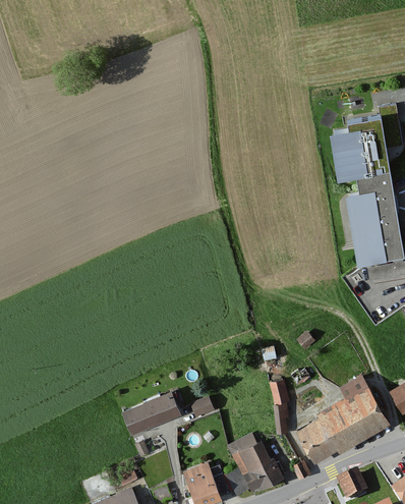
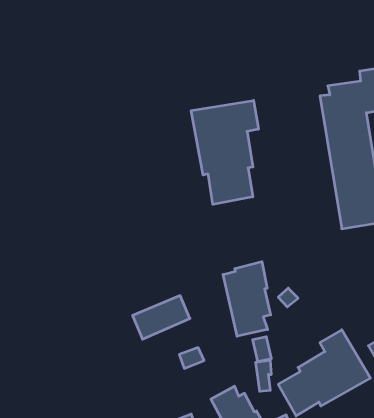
building: none -> [191,100,258,204]
building: none -> [223,262,271,336]
building: [121,390,180,435] -> [133,296,190,339]

